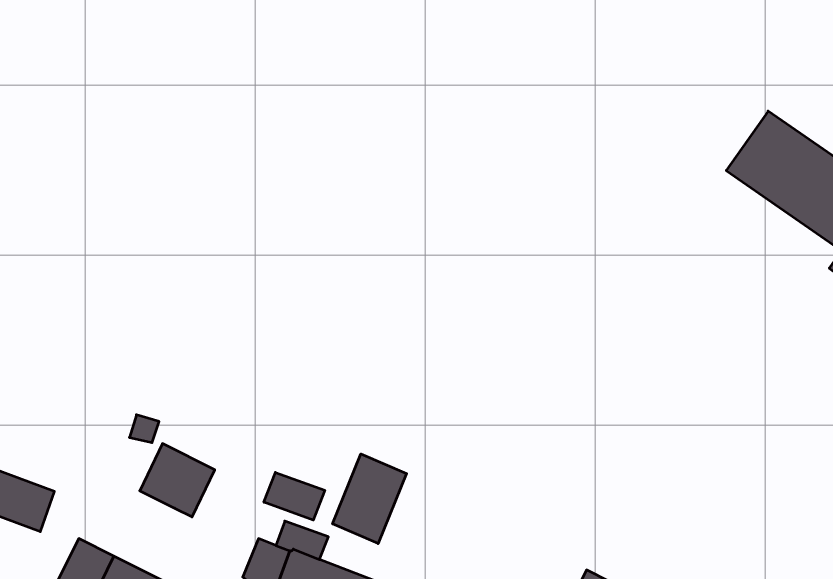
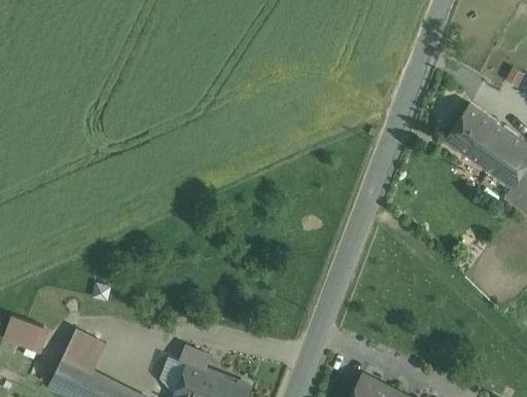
building: [140,444,215,517] -> [63,328,107,371]
building: [333,454,407,544] -> none
building: [264,472,325,520] -> none

